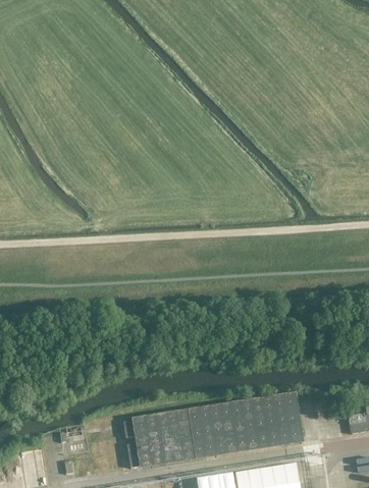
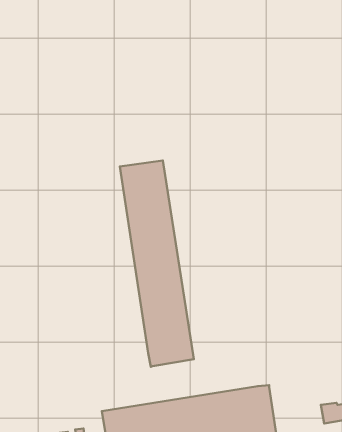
building: none -> [120,160,194,367]

